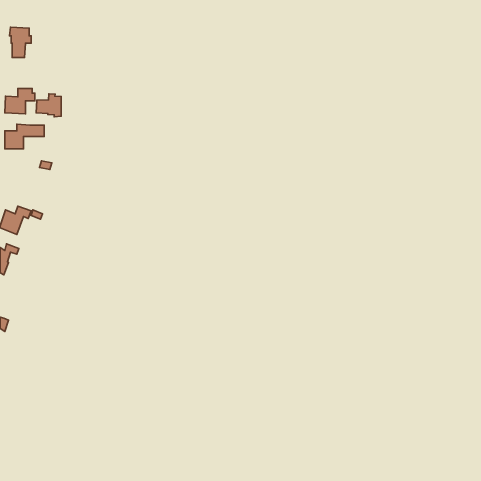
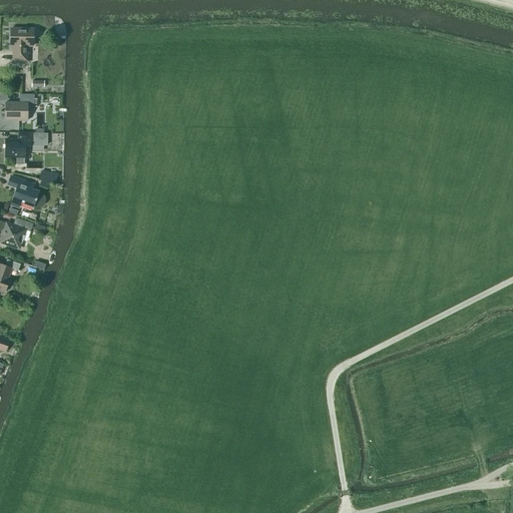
building: [36,94,61,117] -> none
building: none -> [7,176,44,207]

